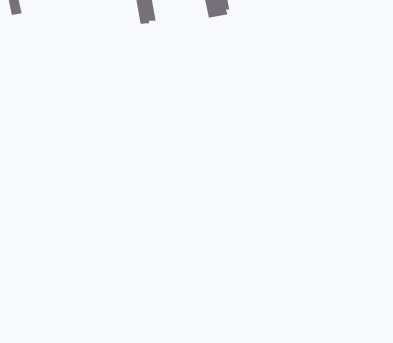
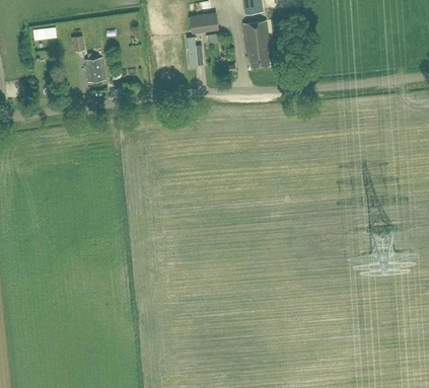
building: none -> [84,57,104,82]

